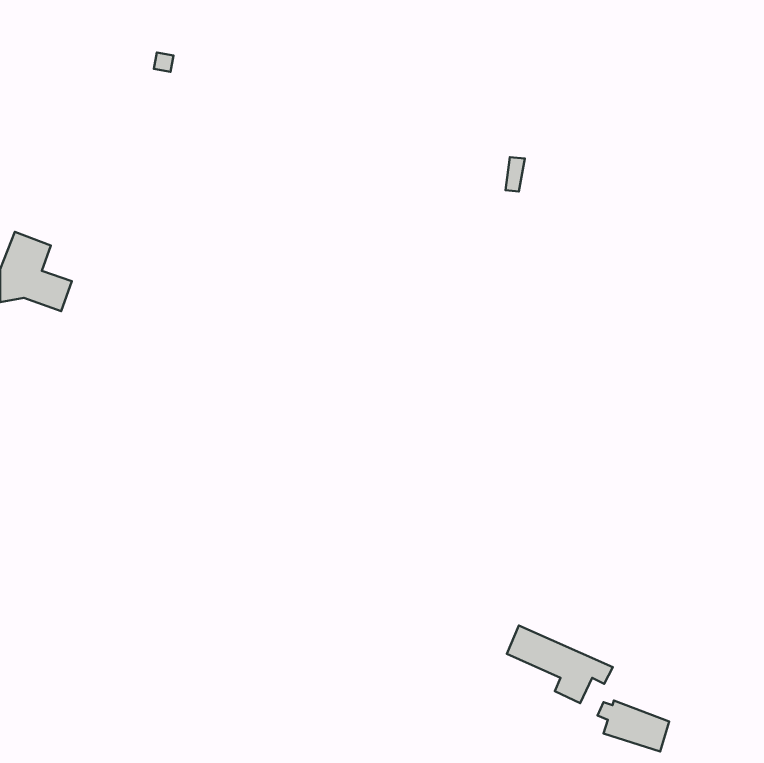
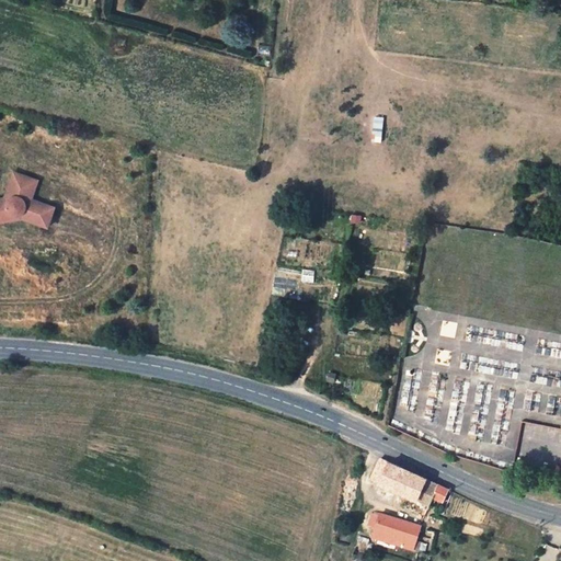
building: [597,701,669,751] -> [368,512,421,549]

